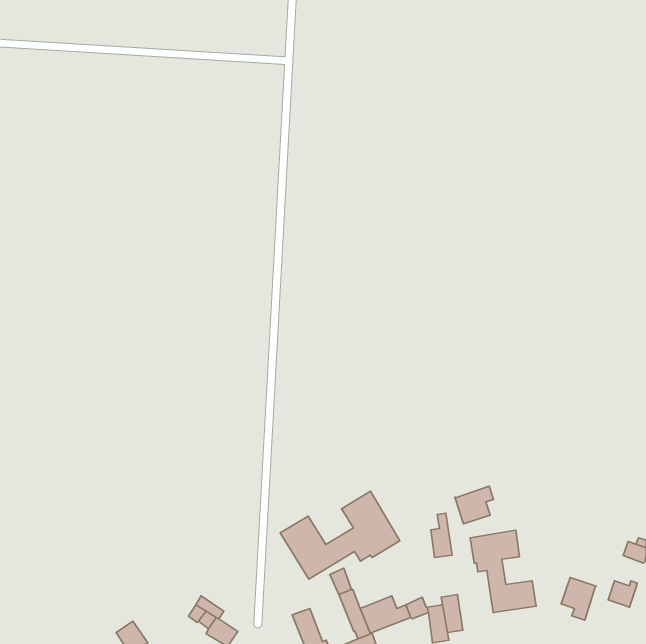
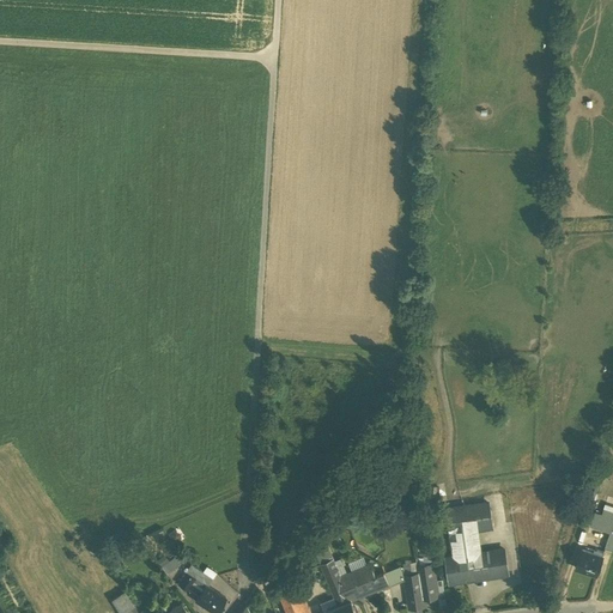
building: [455,486,494,524] -> none
building: [280,491,400,579] -> none
building: [431,513,452,558] -> [447,542,467,584]
building: [561,577,596,620] -> none

